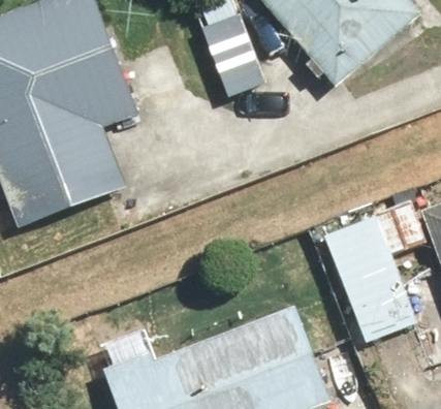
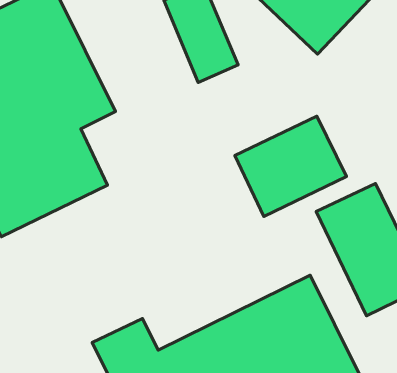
building: none -> [235,116,347,217]

